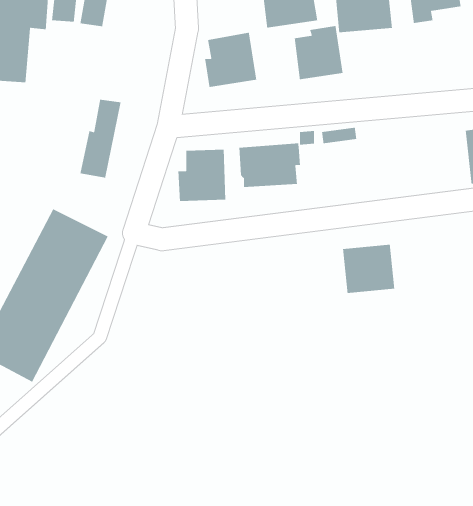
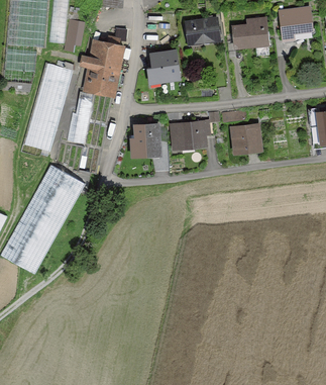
building: none -> [80,36,125,96]
building: [294,25,344,80] -> none
building: none -> [23,63,72,150]
building: [342,244,395,294] -> [230,123,264,156]

